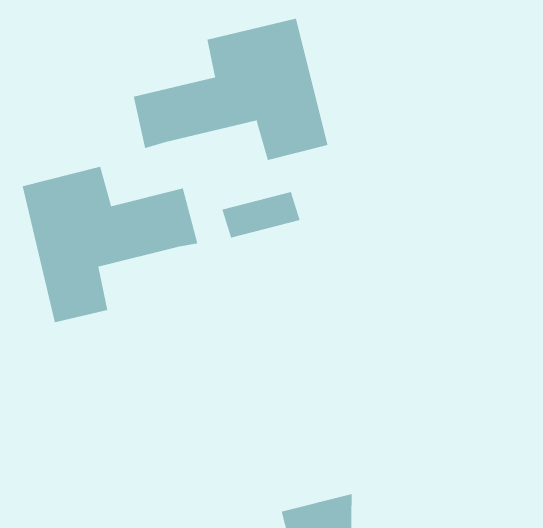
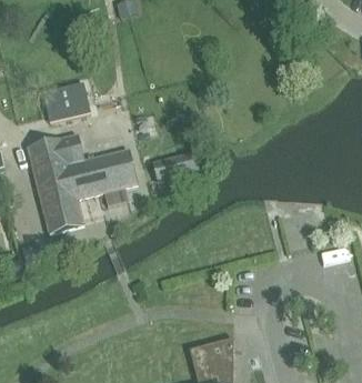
building: [133,18,328,161] -> none
building: none -> [44,84,95,119]

